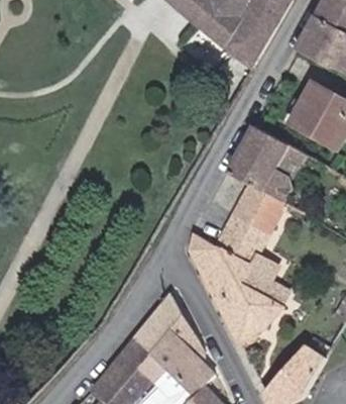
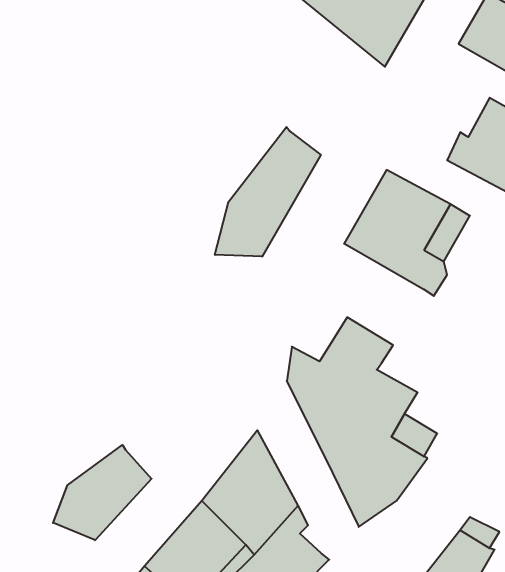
building: none -> [215,127,321,257]
building: [228,186,275,236] -> none
building: none -> [53,445,152,540]

